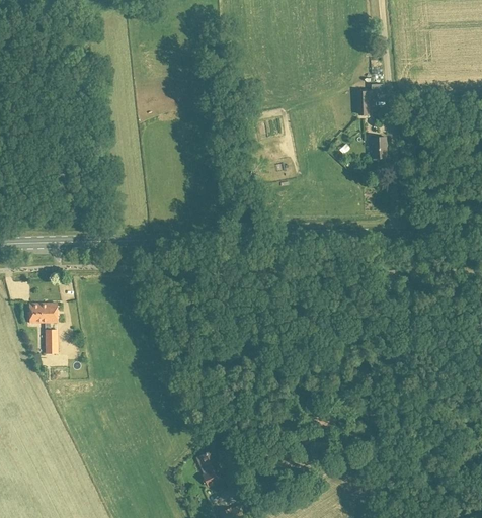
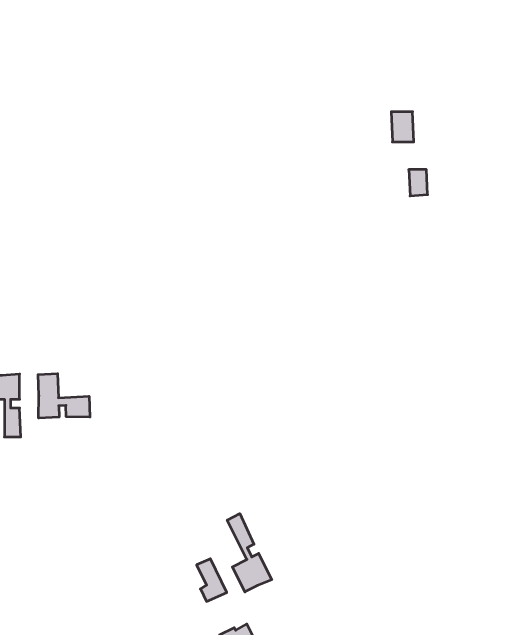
building: none -> [38,374,90,418]
building: none -> [227,514,272,592]

